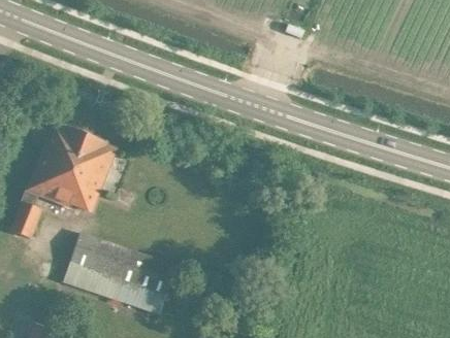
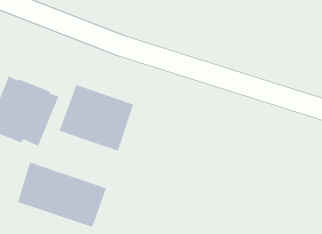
building: none -> [59,84,134,151]

